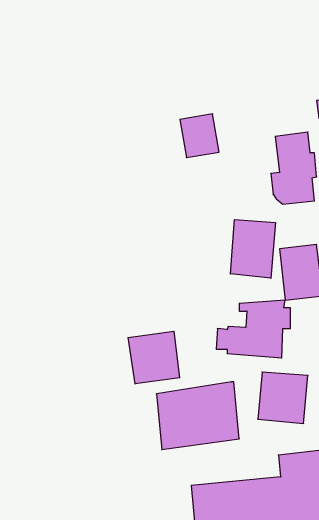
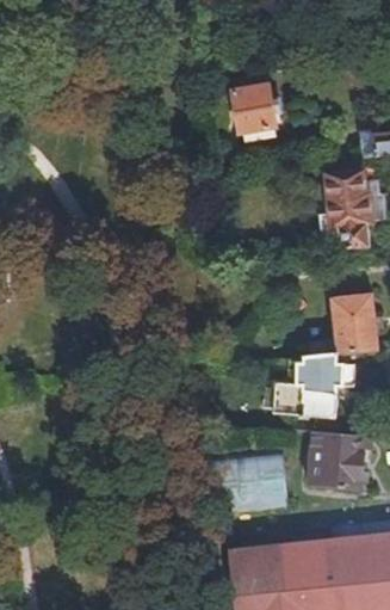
building: [180,114,219,158] -> [233,87,276,135]
building: [230,220,275,278] -> none
building: [128,331,180,384] -> none

